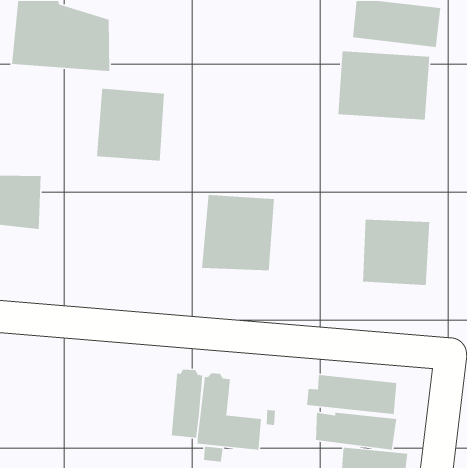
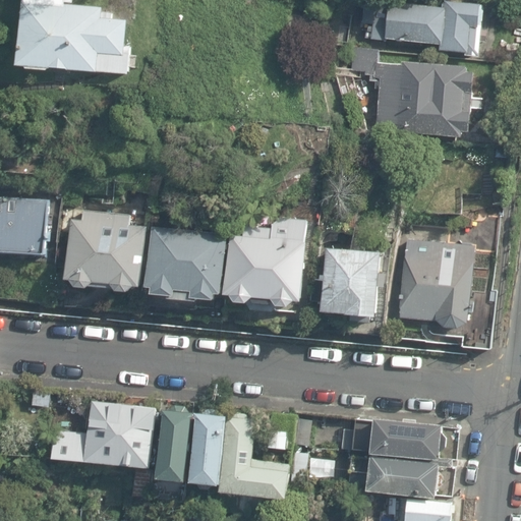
building: [96,88,165,161] -> [64,208,140,289]
building: none -> [141,226,221,301]
building: none -> [320,247,381,315]
building: none -> [51,403,157,500]
building: none -> [157,411,194,484]

